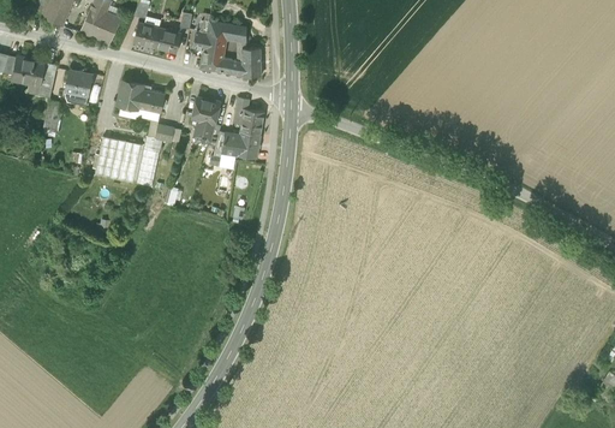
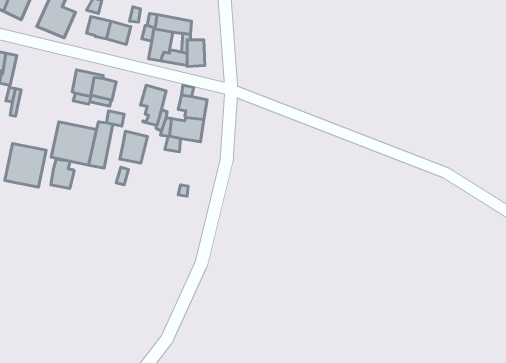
building: [64,69,92,95] -> none
building: none -> [120,131,148,163]
building: none -> [5,144,46,187]
building: none -> [51,159,74,189]

